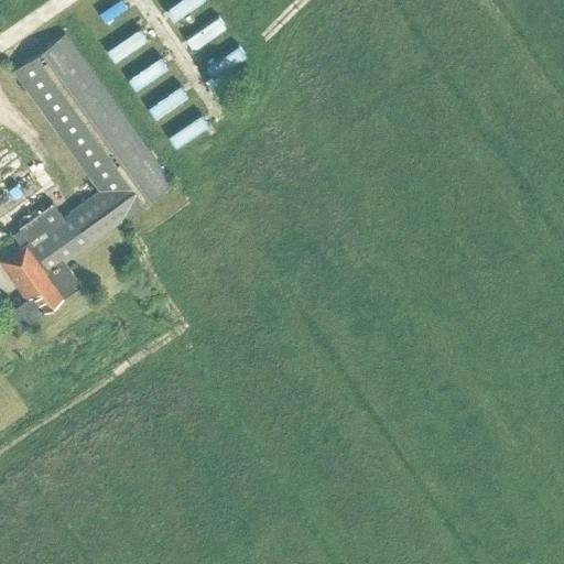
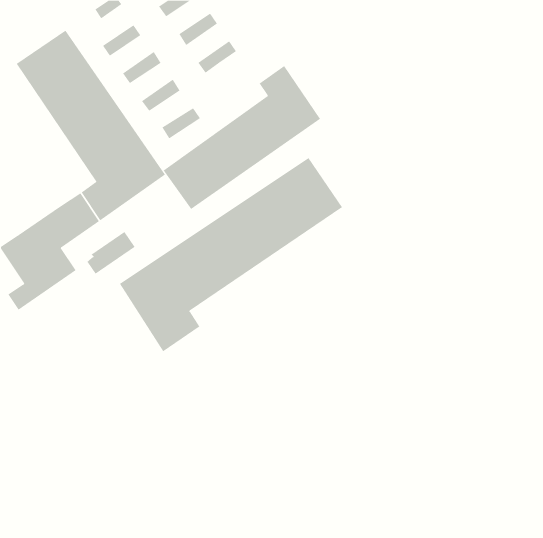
building: none -> [163,65,321,210]
building: none -> [119,157,343,352]
building: [10,204,61,249] -> [87,231,135,275]

